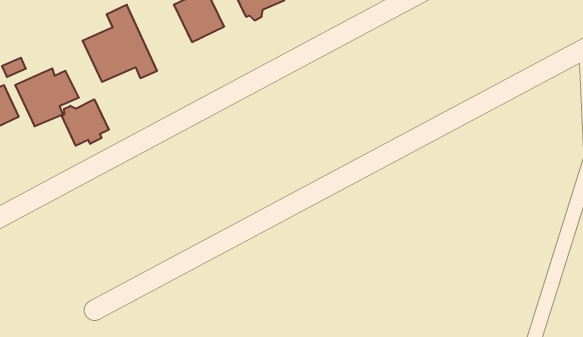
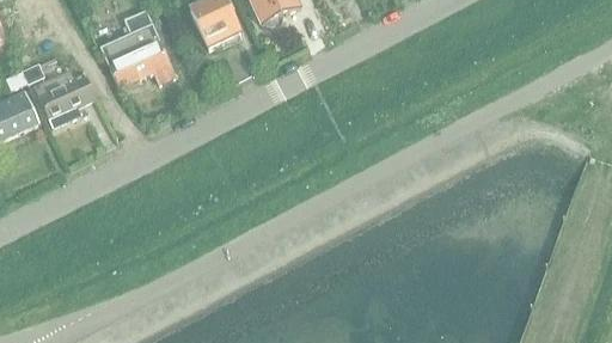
building: [62,99,109,146] -> none

